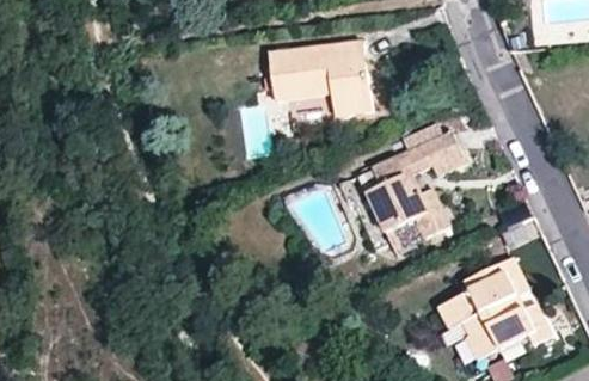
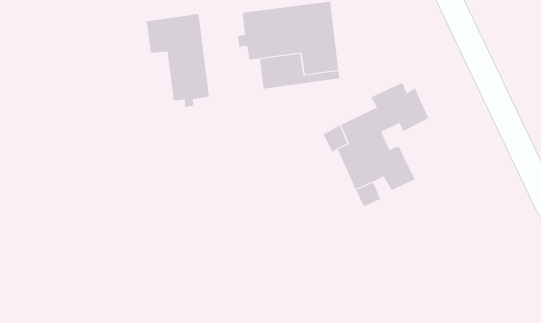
building: none -> [146,13,210,108]
building: [438,256,551,358] -> none

